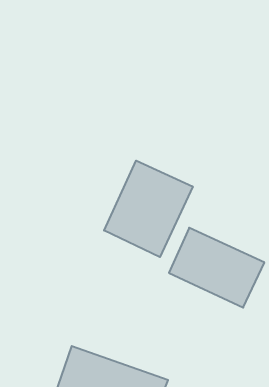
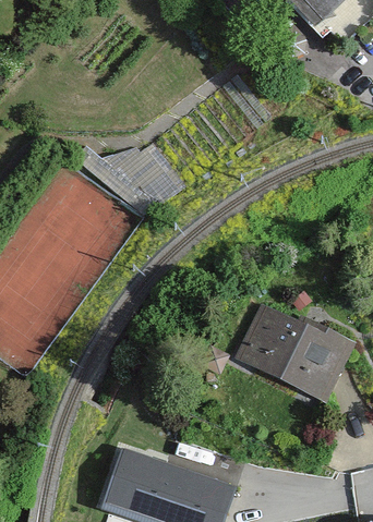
building: [104,161,193,257] -> none

